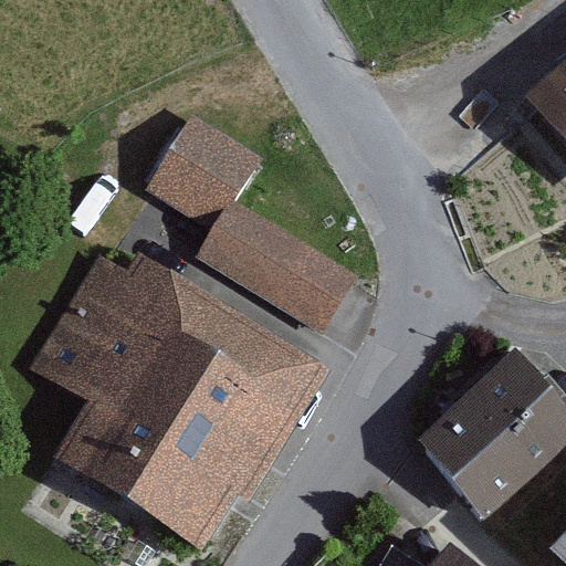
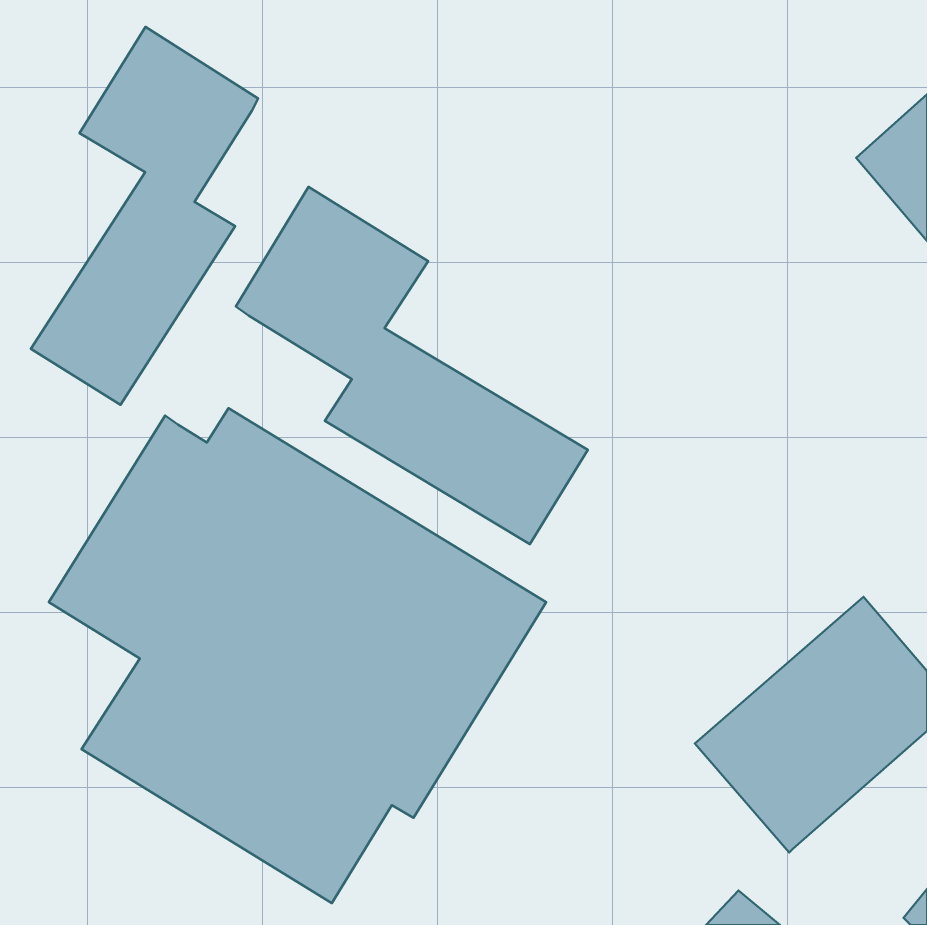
building: none -> [31,27,258,405]

